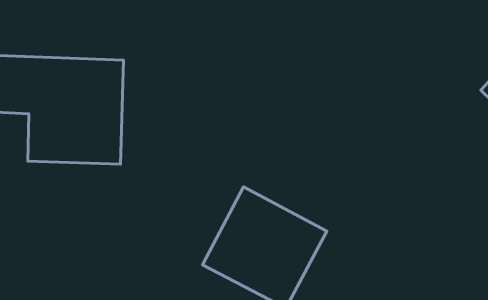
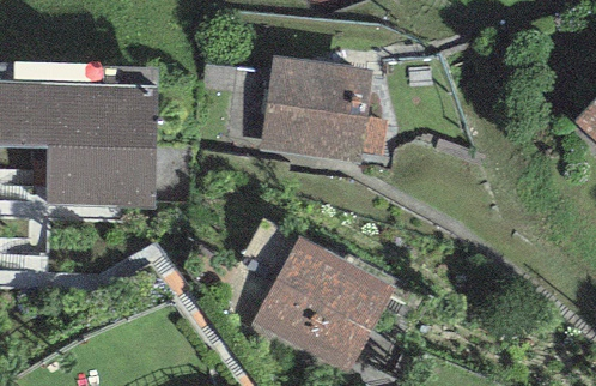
building: none -> [260,55,385,164]

